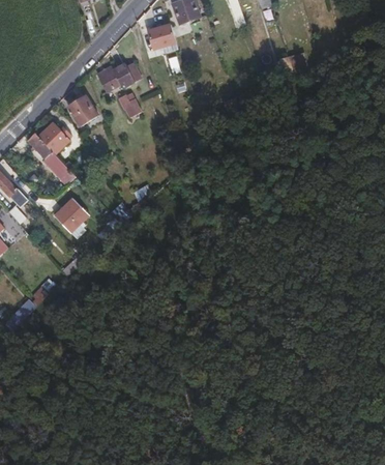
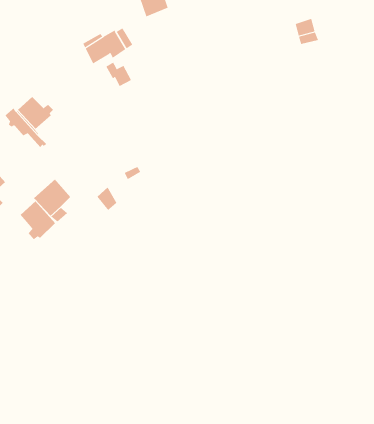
building: [67,93,98,124] -> none
building: none -> [20,200,56,240]

